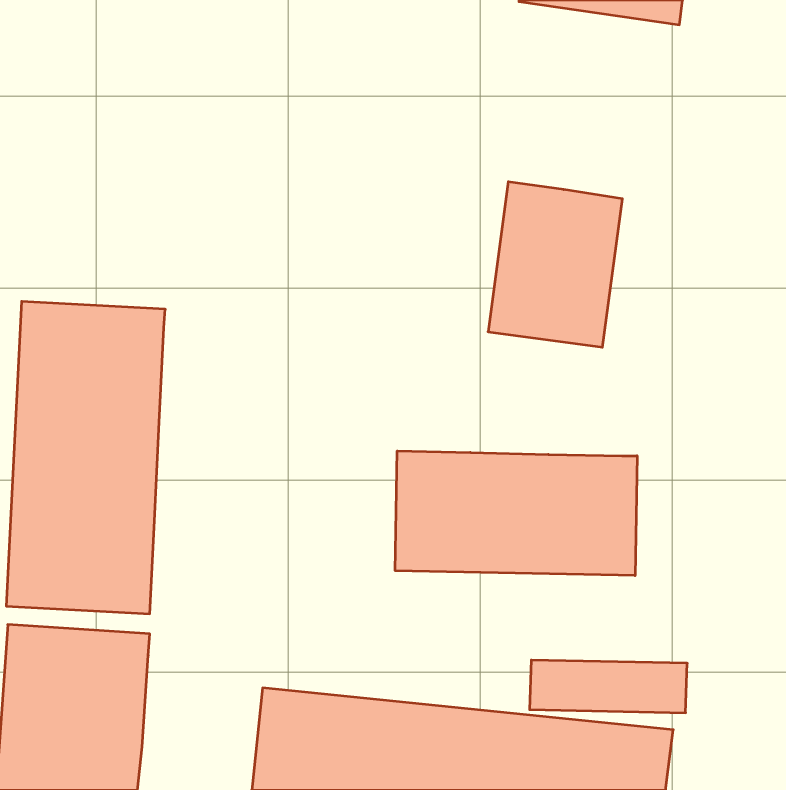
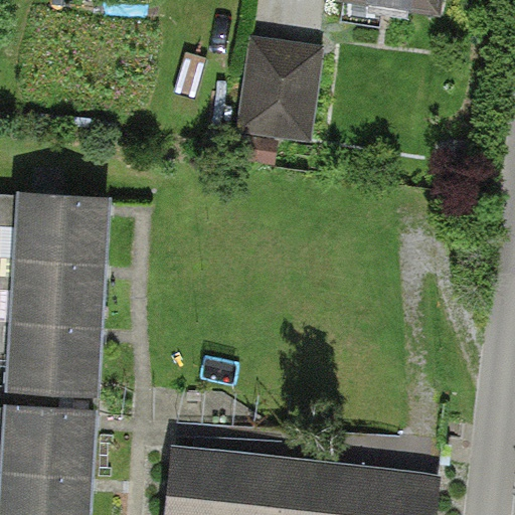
building: [488,182,622,347] -> [233,37,321,145]
building: [395,451,637,576] -> none

